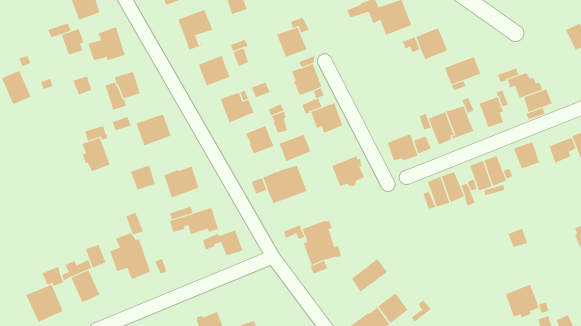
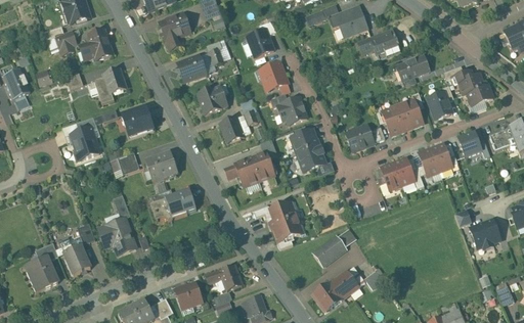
building: [279,134,311,162] -> [290,129,318,153]
building: [202,230,244,256] -> [205,266,242,289]
building: [505,284,540,318] -> [470,219,500,249]

